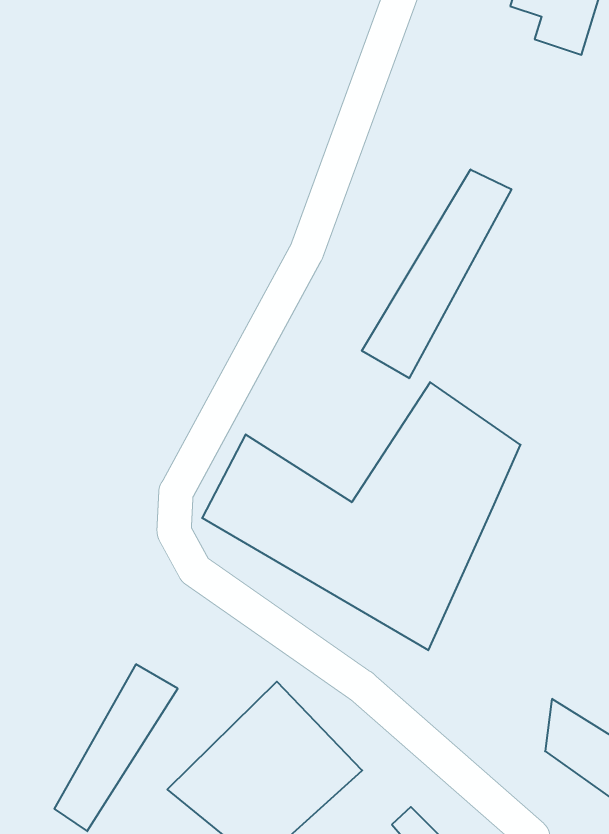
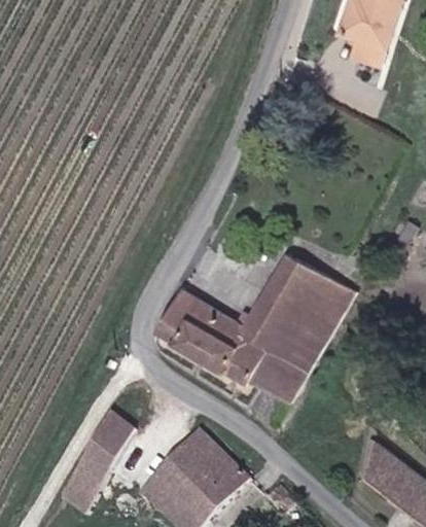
building: [362,169,511,378] -> none

